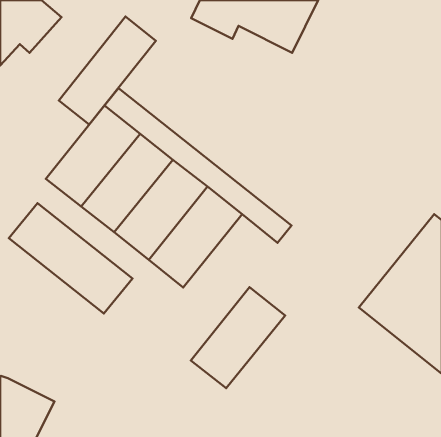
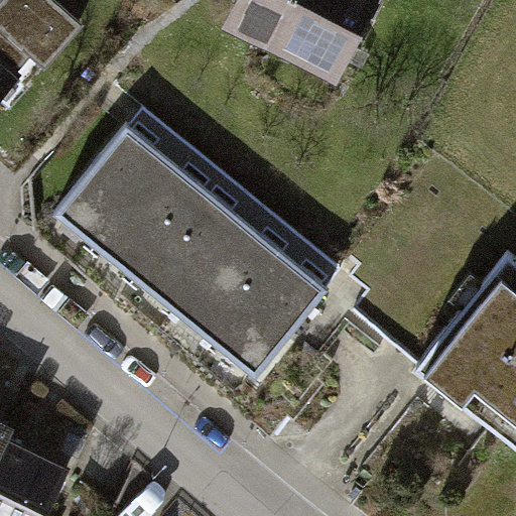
building: [59,17,156,125] -> none
building: [9,203,132,314] -> none
building: [191,287,285,388] -> [215,255,325,373]

